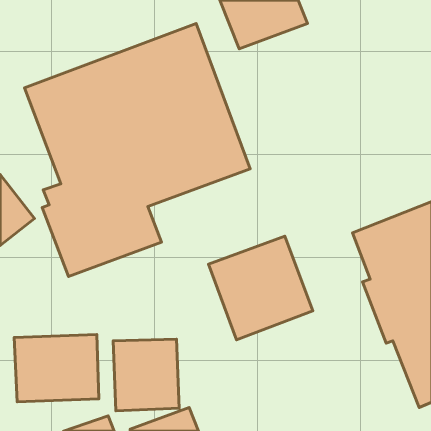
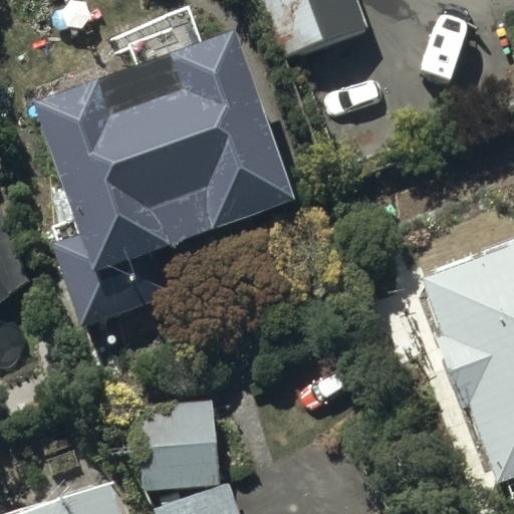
building: [208,236,313,340] -> none
building: [14,334,99,402] -> none

